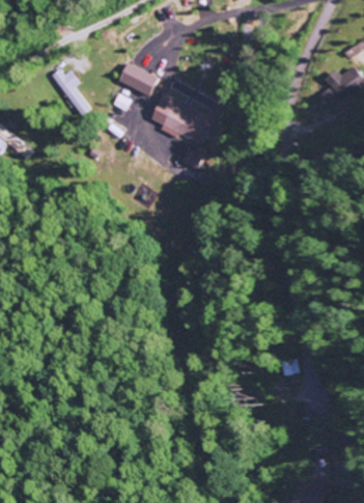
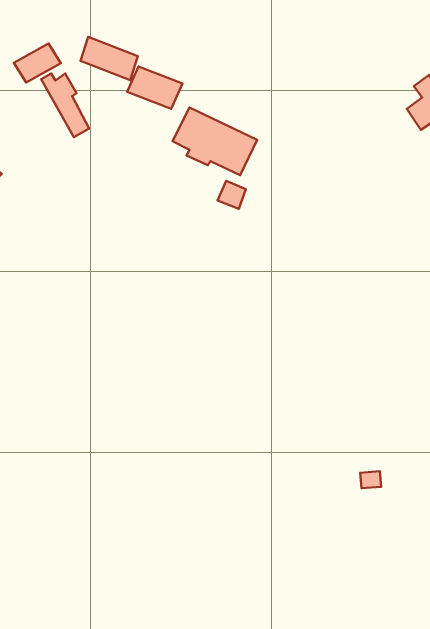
building: none -> [81,37,138,80]
building: none -> [14,43,61,82]

